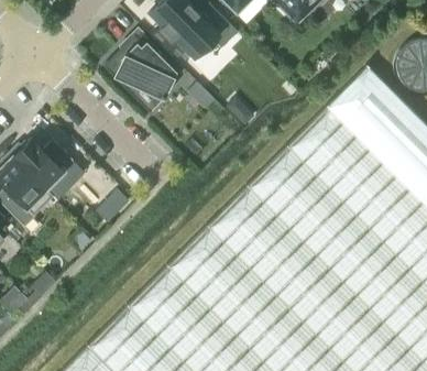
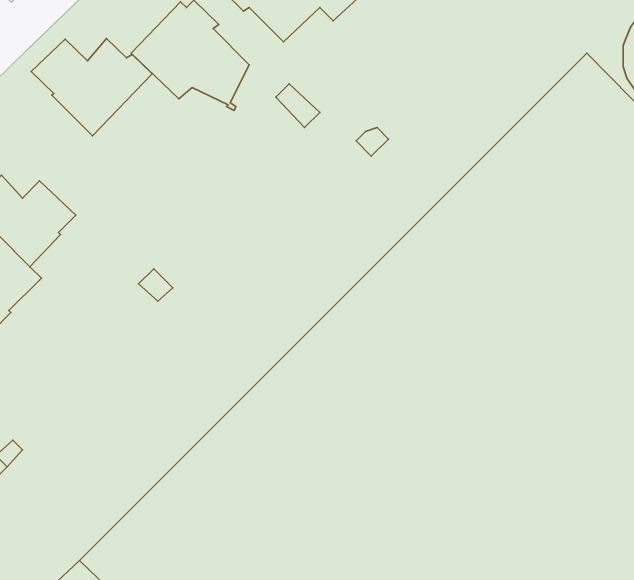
building: none -> [31,38,152,136]

